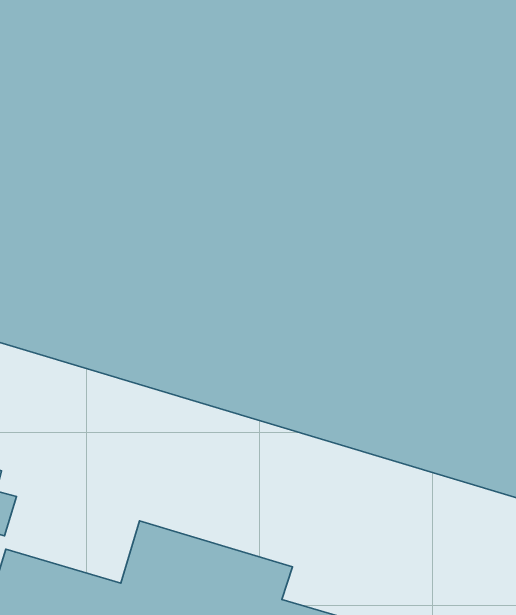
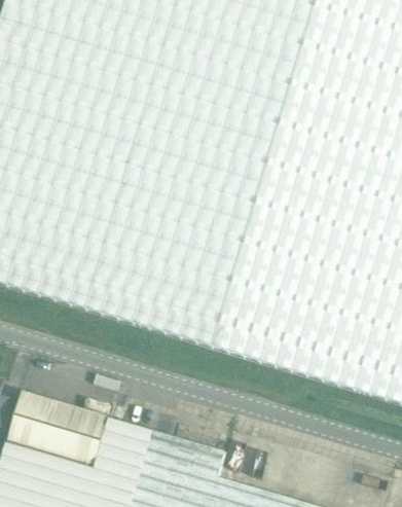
building: none -> [5,392,107,466]

